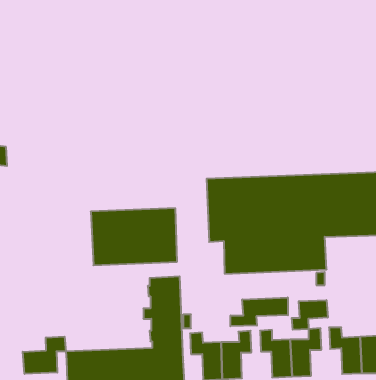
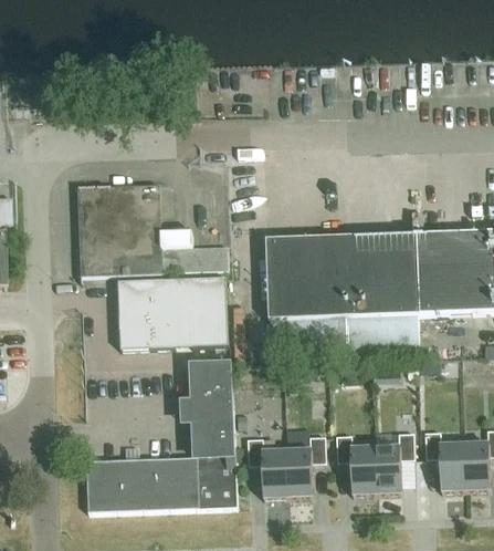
building: none -> [77,184,230,276]
building: [230,297,288,326] -> none
building: [292,300,328,330] -> none
building: [23,337,66,374] -> none

